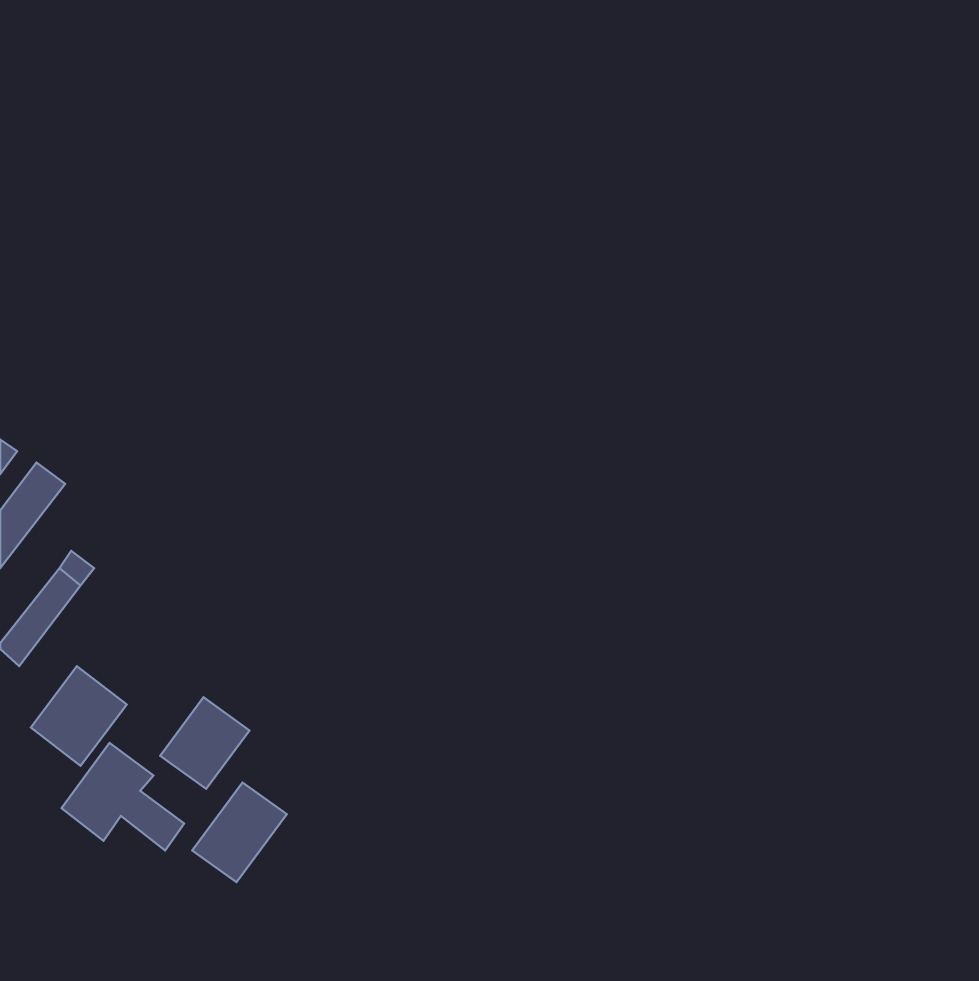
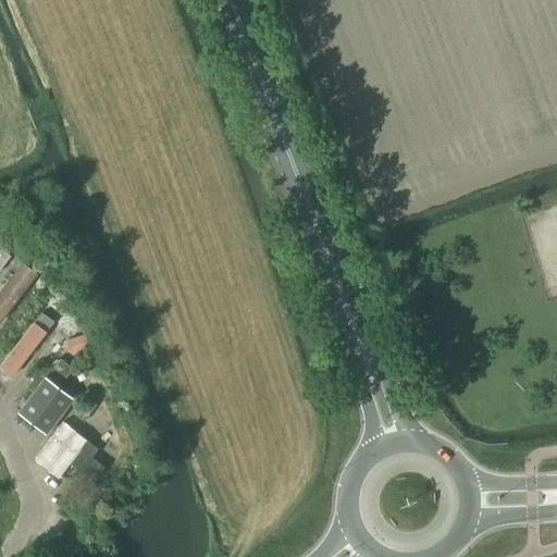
building: [160,697,249,789] -> none
building: [192,782,287,882] -> none

